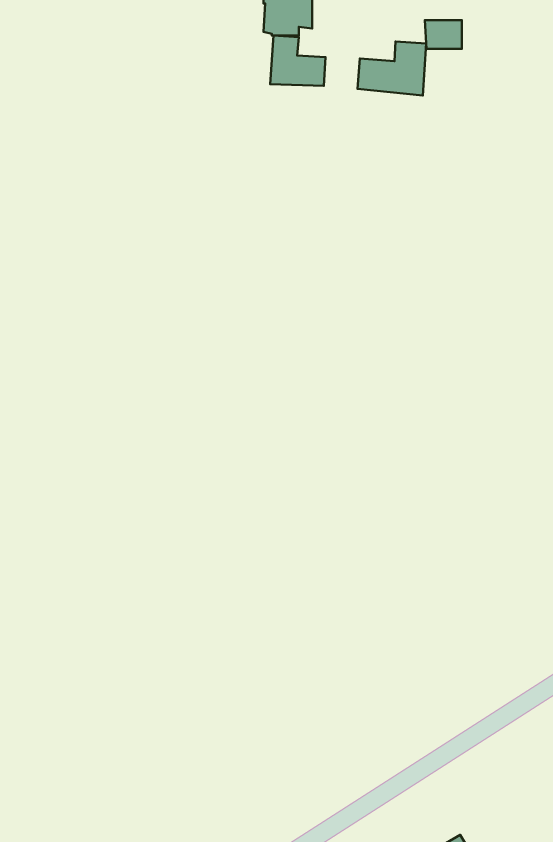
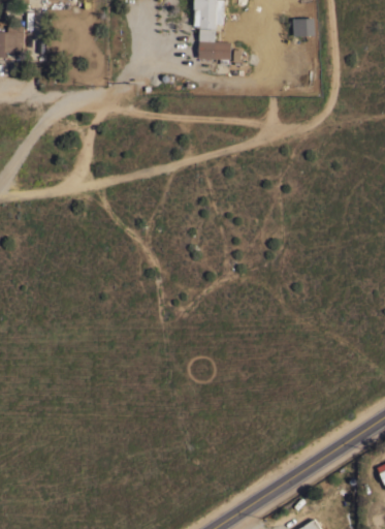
building: [358,41,426,95] -> none

